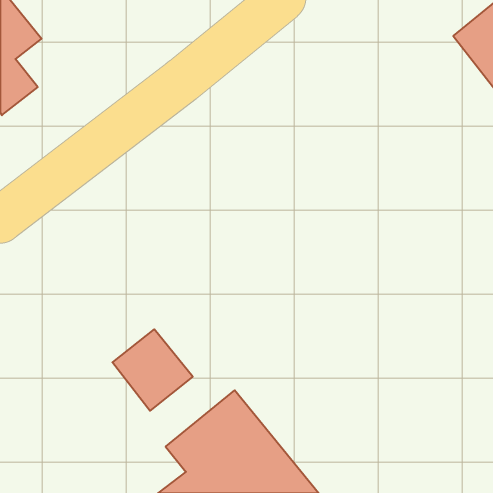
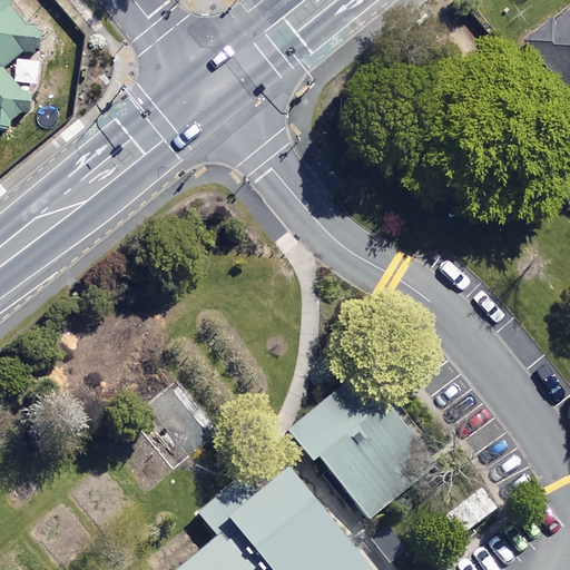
building: none -> [284,370,441,524]

